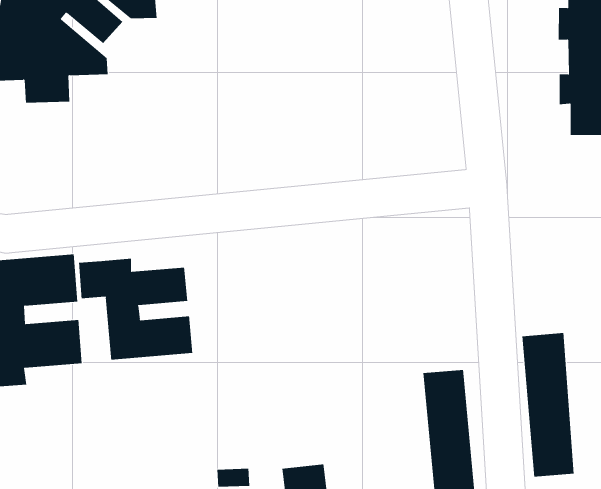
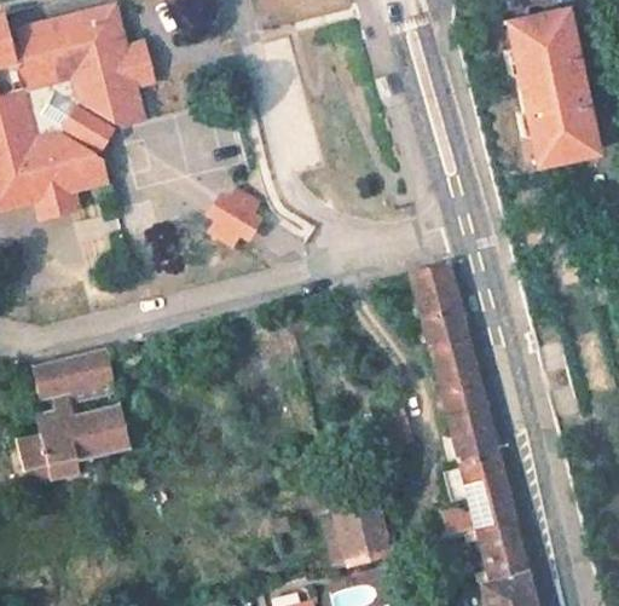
building: none -> [210,192,264,247]
building: [78,258,193,360] -> none
building: [522,333,575,477] -> [407,262,476,397]

